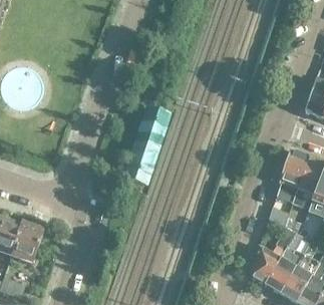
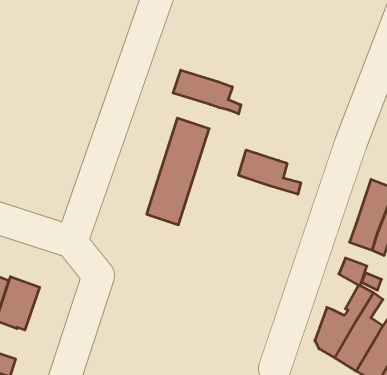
building: none -> [173,70,241,114]
building: none -> [239,150,301,194]

